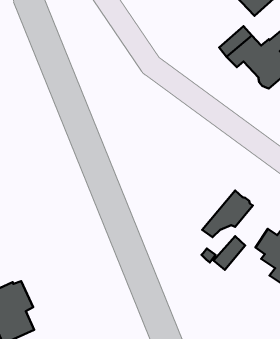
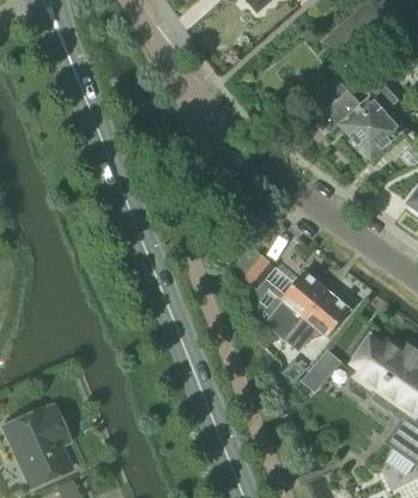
building: none -> [243,255,280,303]
building: none -> [265,271,327,340]

